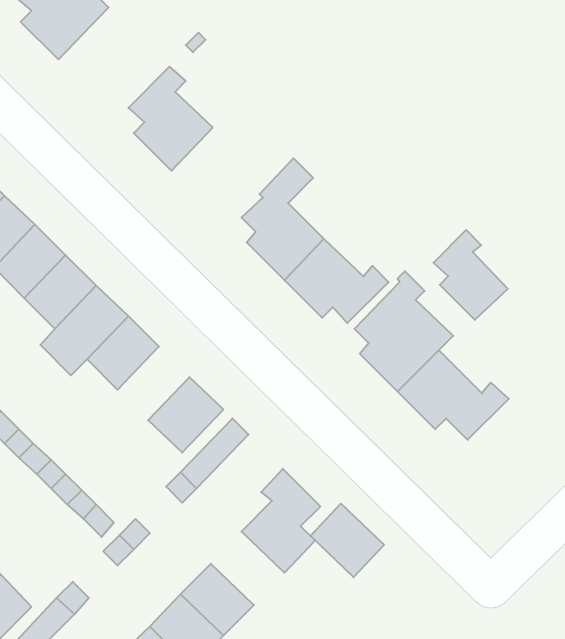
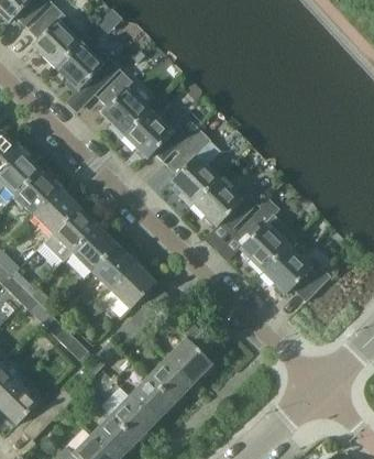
building: none -> [54,35,118,92]
building: none -> [123,109,198,161]
building: [433,230,508,320] -> none
building: none -> [90,243,134,288]
building: [310,504,384,577] -> [147,357,192,402]

